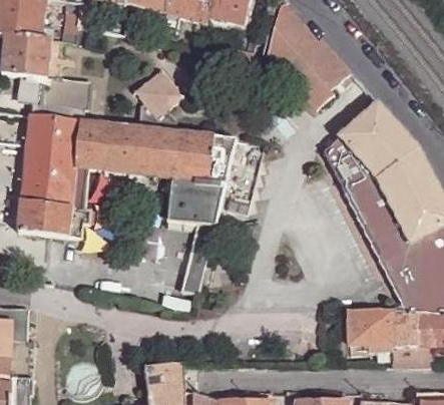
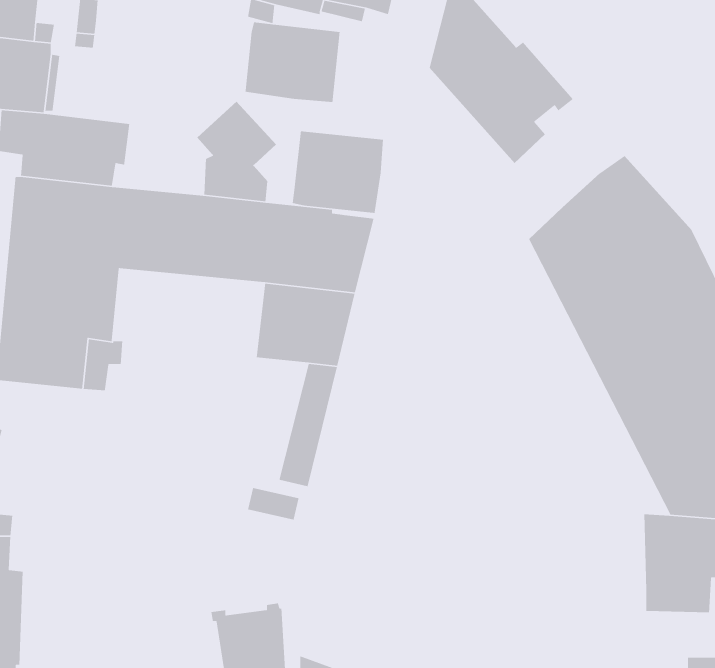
building: none -> [244,21,341,103]
building: none -> [292,130,384,214]
building: [349,308,391,353] -> none

